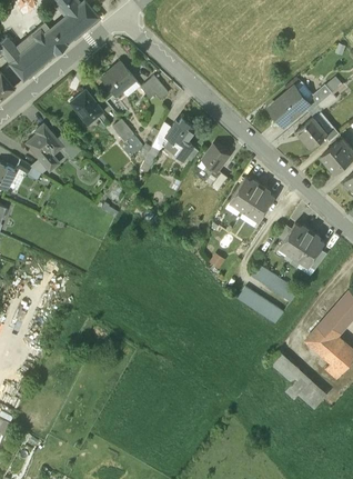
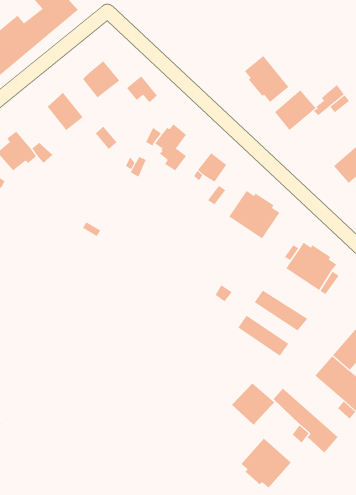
building: none -> [244,55,289,103]
building: [296,118,326,149] -> none
building: none -> [231,382,275,426]
building: none -> [241,438,292,489]

